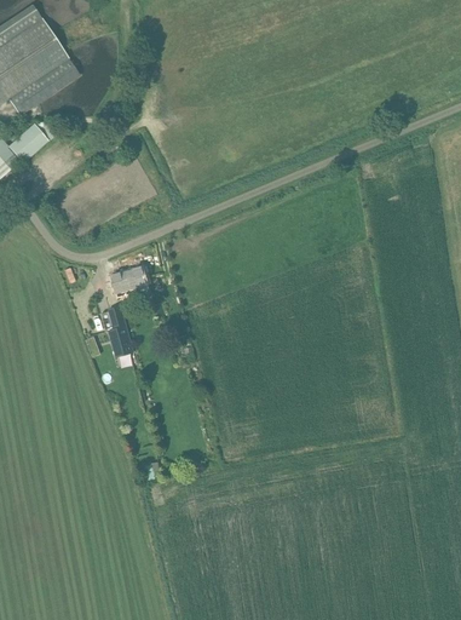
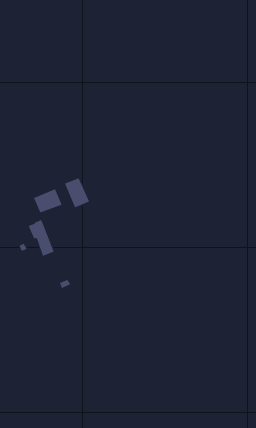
building: none -> [64,177,90,208]

